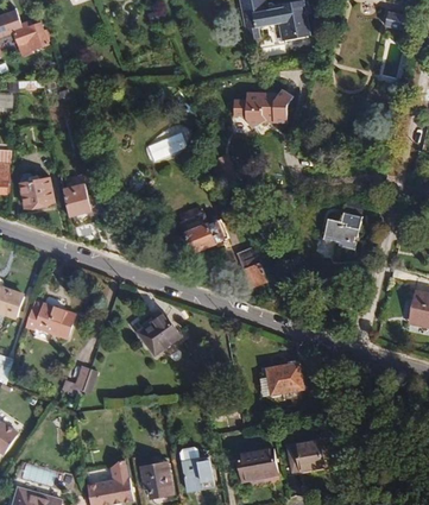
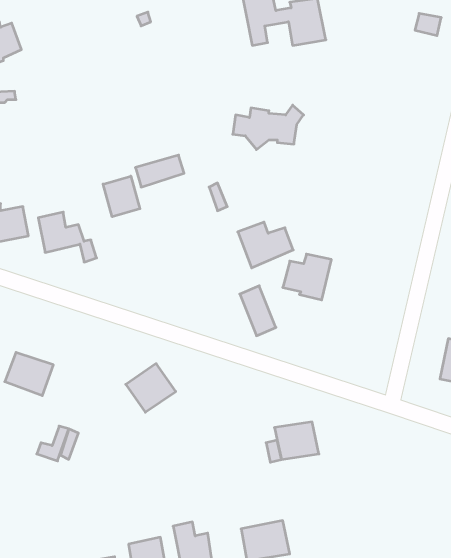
building: none -> [103,176,140,217]
building: [322,212,364,251] -> [283,254,331,300]
building: [181,213,228,252] -> [238,222,293,268]
building: [286,438,324,471] -> none

